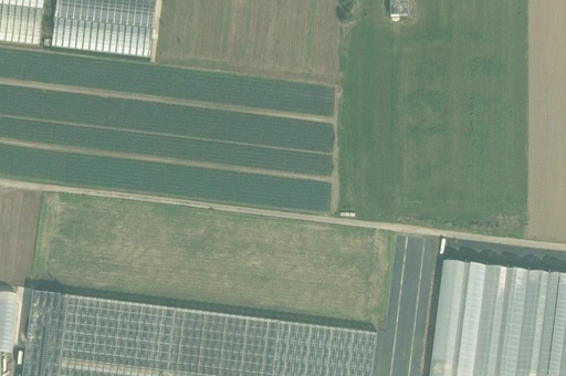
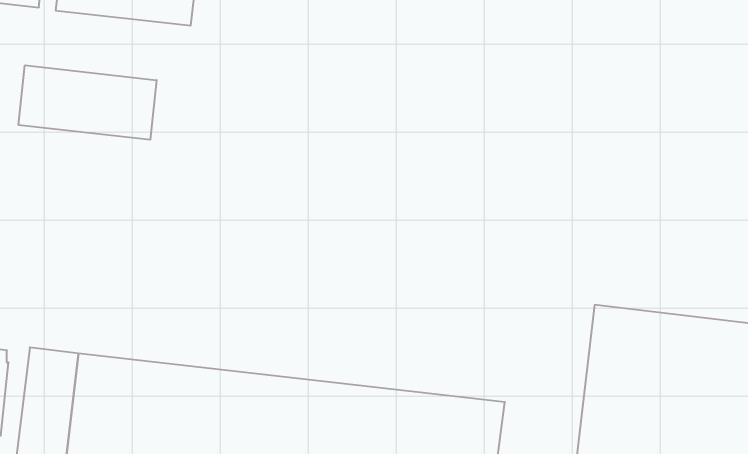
building: none -> [19,65,157,140]

